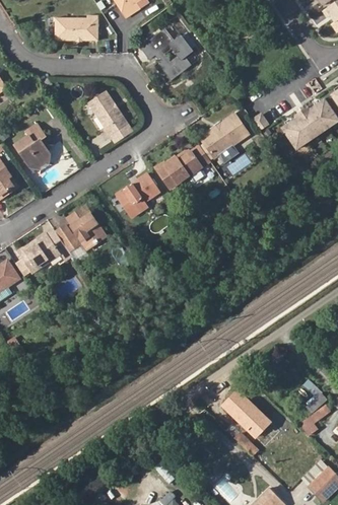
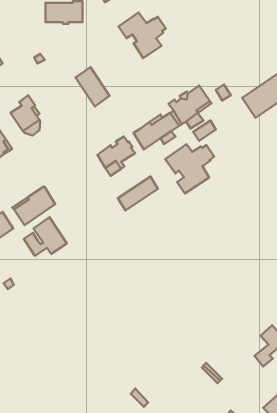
building: none -> [165,144,214,194]
building: [54,205,104,249] -> [24,217,67,256]
building: none -> [118,176,158,210]
building: [221,388,272,439] -> none

